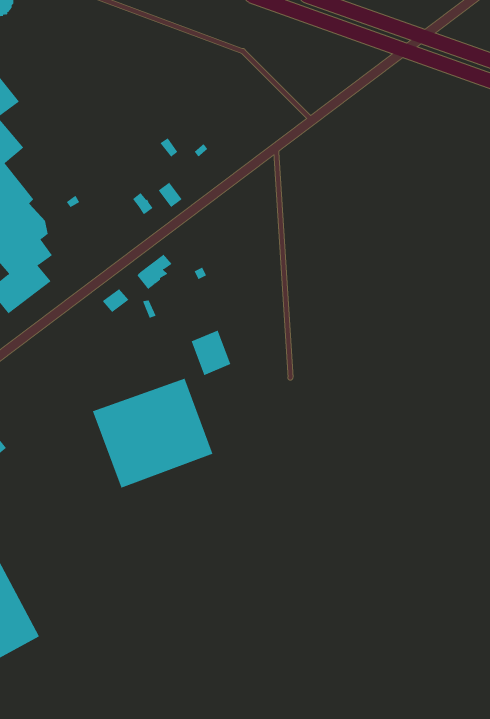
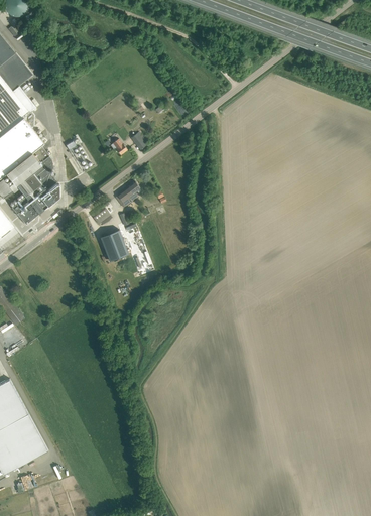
building: [191,330,231,376] -> [100,230,128,262]
building: [92,378,213,489] -> none

